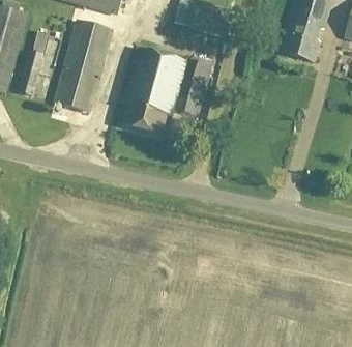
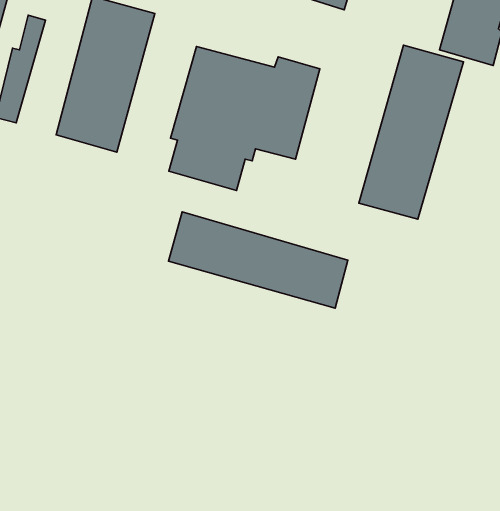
building: none -> [359,45,464,219]
building: none -> [168,212,348,308]

